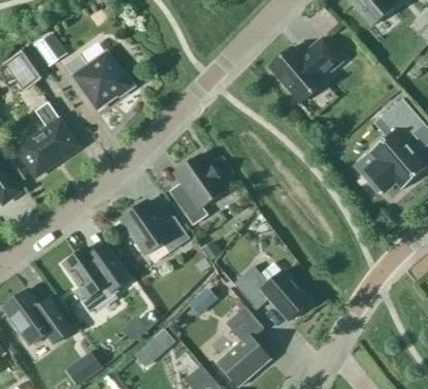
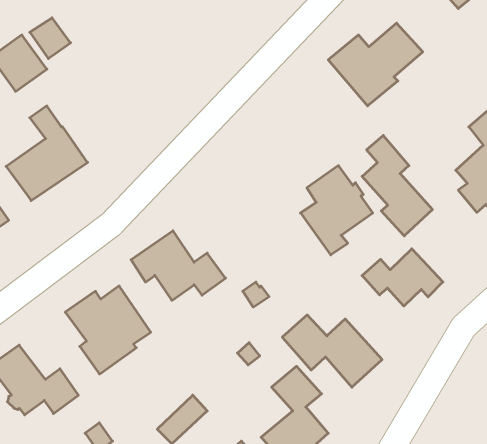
building: [64,52,133,109] -> none
building: none -> [362,135,432,236]
building: [169,154,226,224] -> [300,166,373,255]
building: none -> [362,249,443,306]

